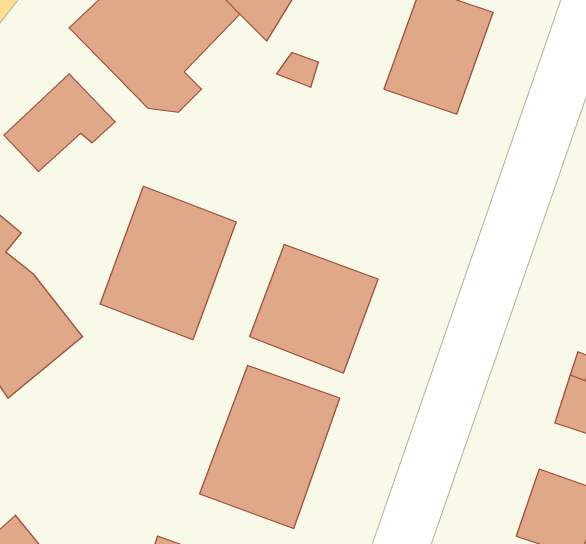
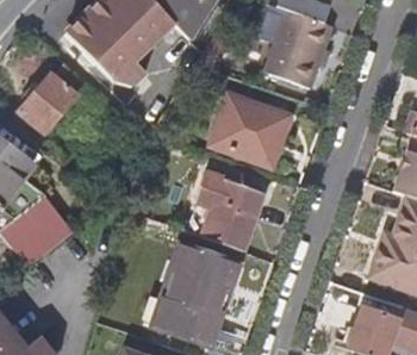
building: none -> [211,94,285,162]
building: [100,186,236,340] -> none

